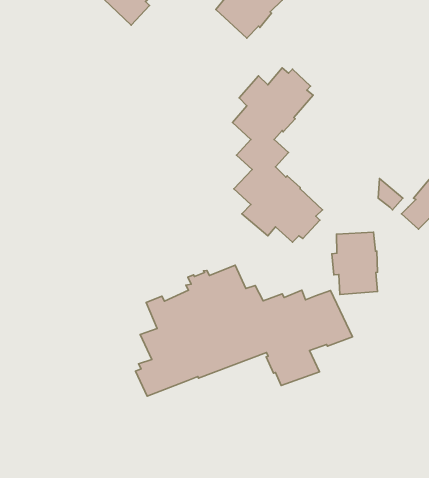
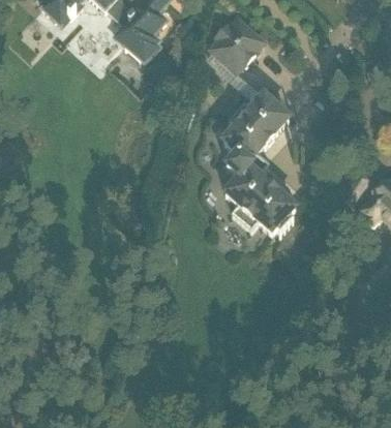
building: [332,232,378,294] -> none
building: [135,265,352,396] -> none

